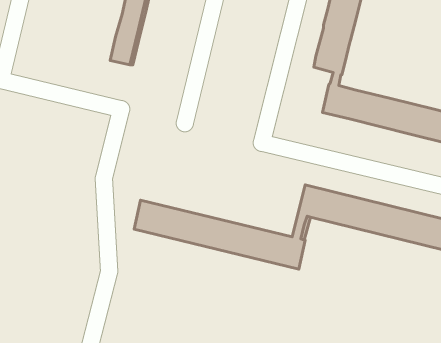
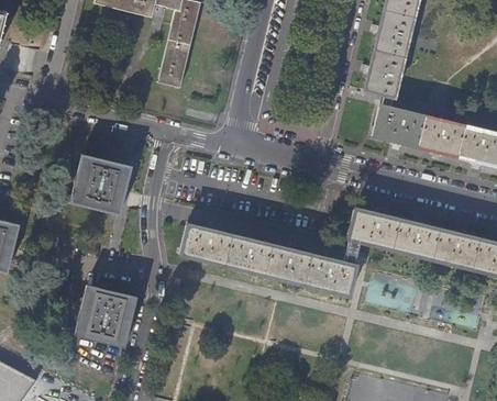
building: none -> [70,154,132,214]
building: none -> [76,285,137,346]

